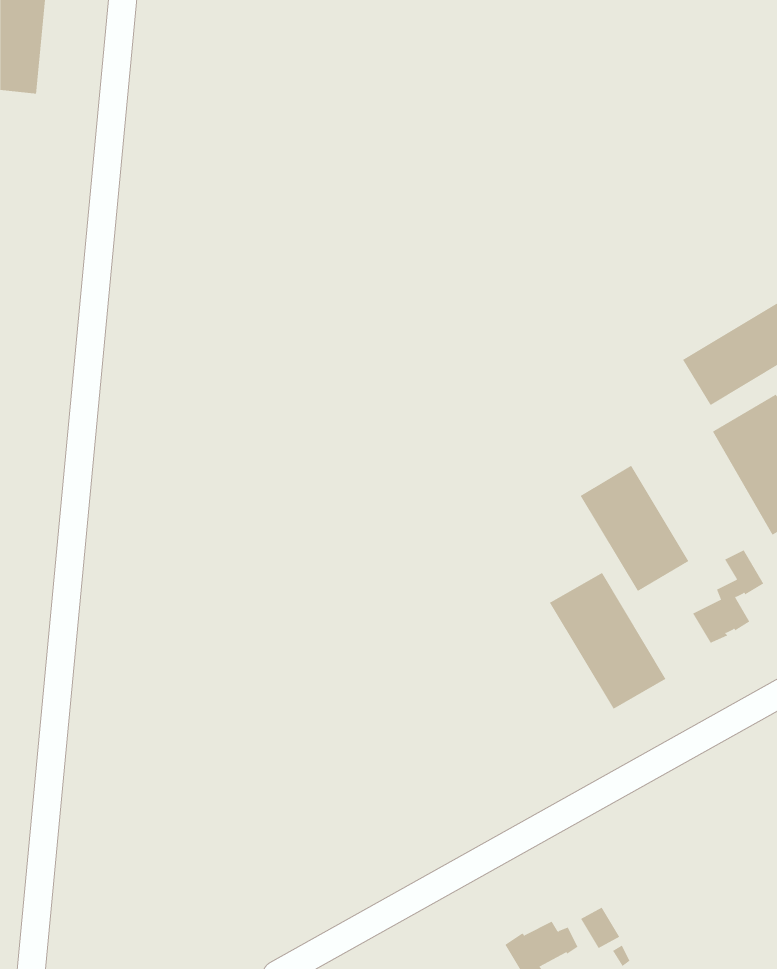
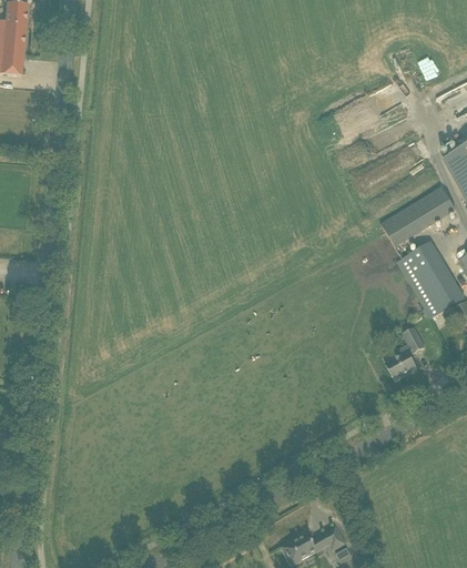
building: [580,465,689,592] -> none
building: [549,572,666,710] -> none

